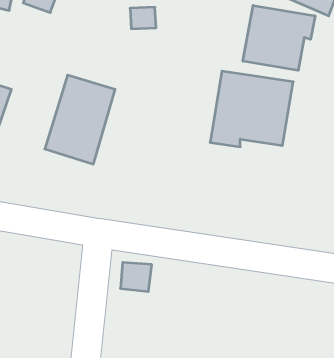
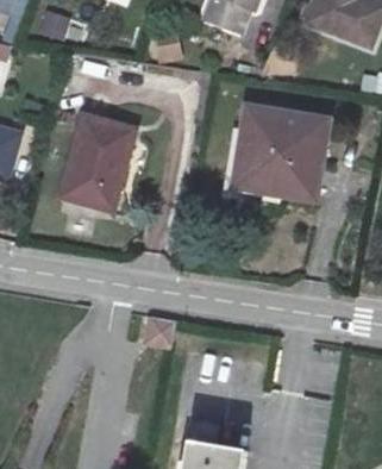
building: [243,5,315,70] -> none

